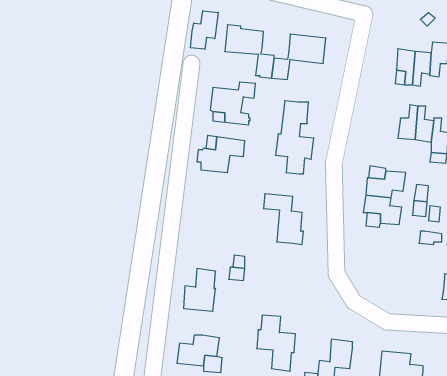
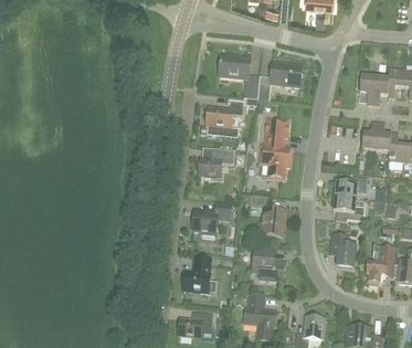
building: [190,11,218,49] -> none
building: none -> [192,201,231,238]
building: none -> [329,233,355,266]
building: none -> [367,245,397,285]
building: none -> [252,246,284,281]

